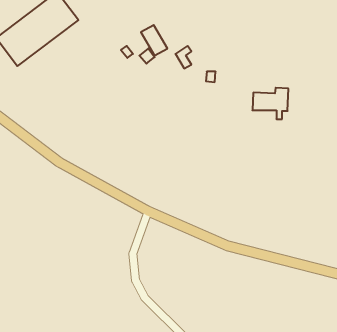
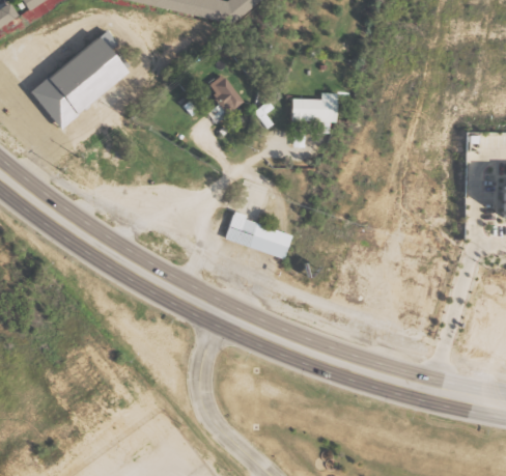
building: [252,88,288,119] -> [296,93,342,134]
building: none -> [222,216,291,261]

